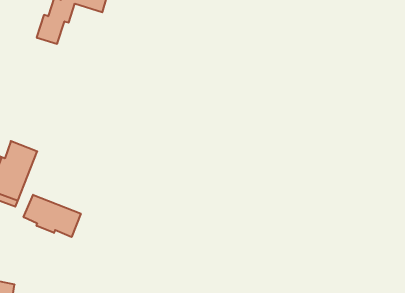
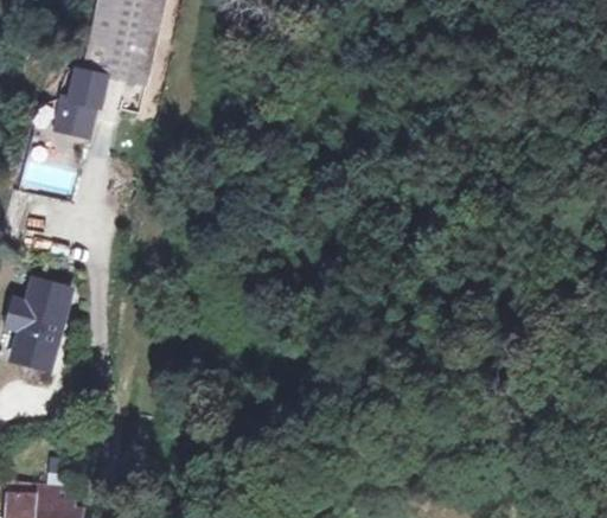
building: [24,195,81,237] -> none

